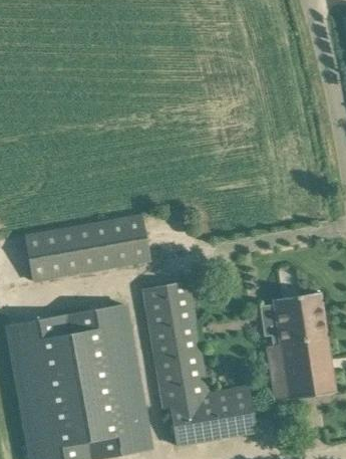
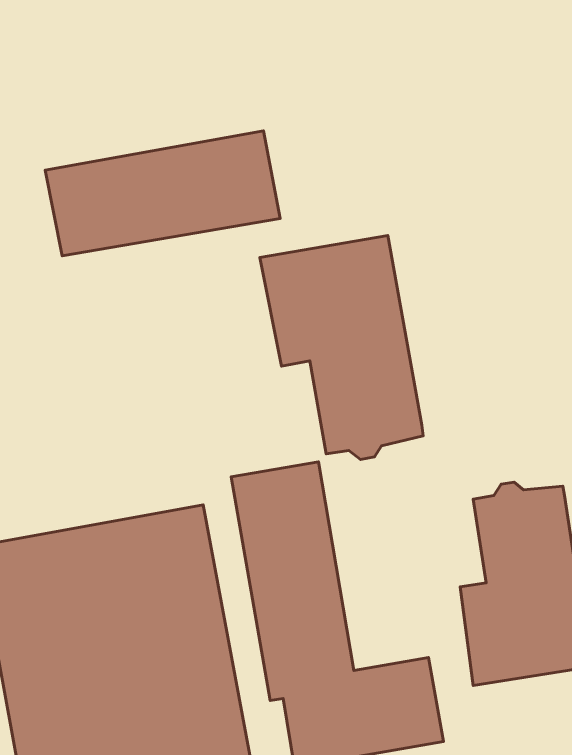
building: none -> [260,235,423,460]
building: [24,214,150,281] -> [45,131,280,256]

